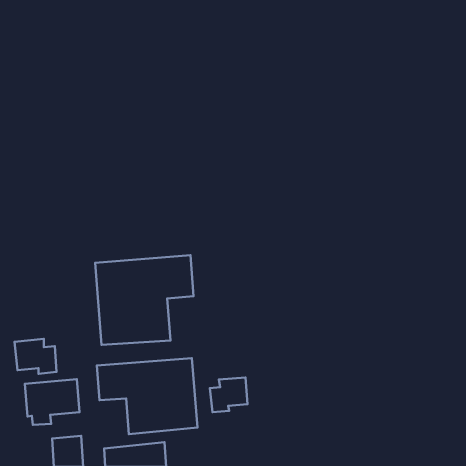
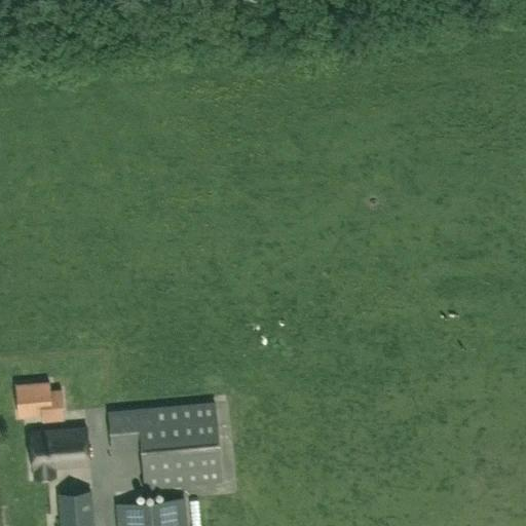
building: [95,255,194,345] -> none
building: [210,377,248,412] -> none

